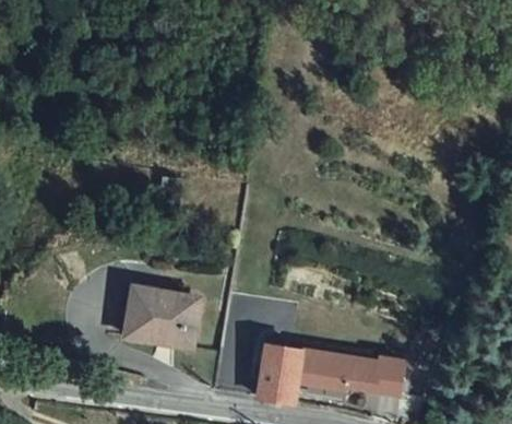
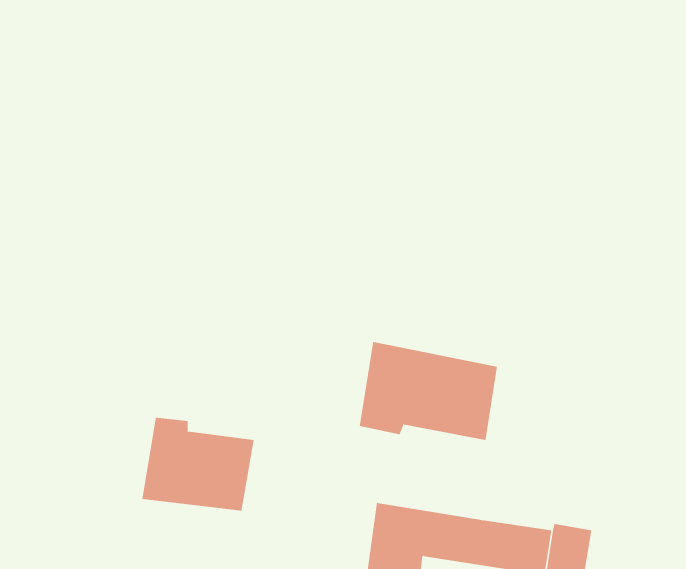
building: none -> [359,341,498,441]

